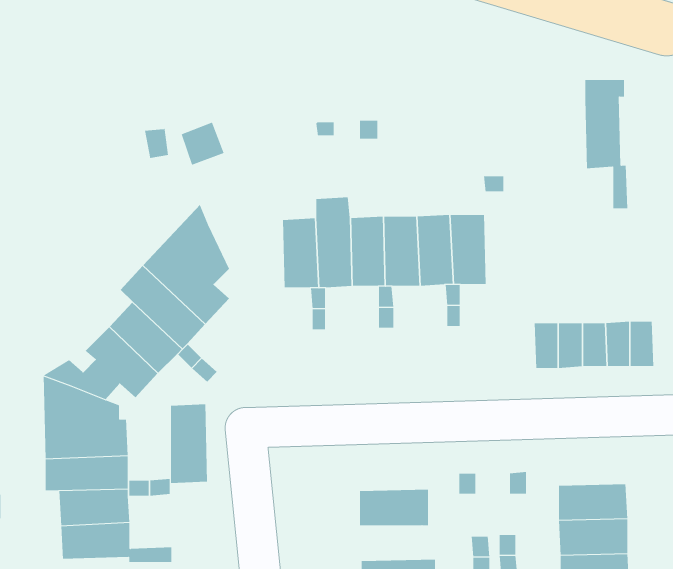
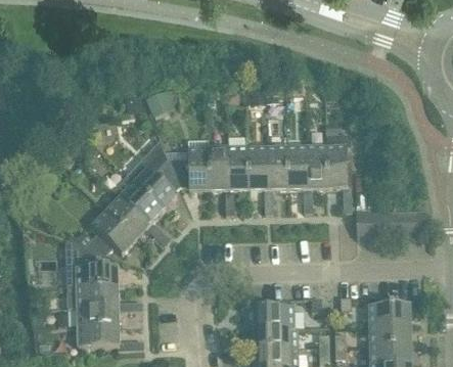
building: [584,80,628,209] -> [325,138,351,214]
building: none -> [164,143,208,193]
building: [170,403,207,484] -> none
building: none -> [252,330,297,352]

